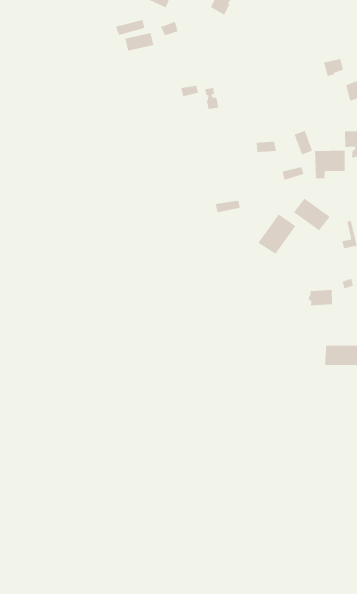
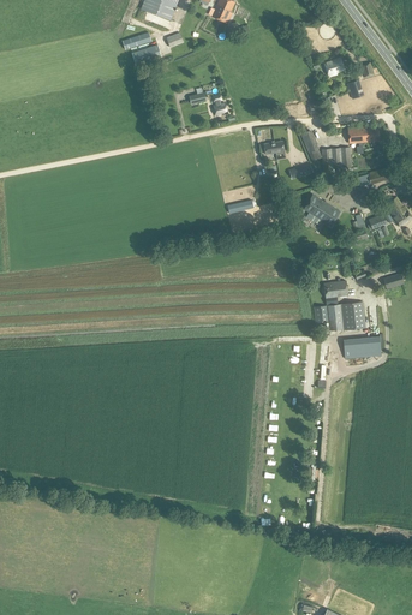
building: [258,214,296,254] -> none
building: none -> [315,303,366,332]

